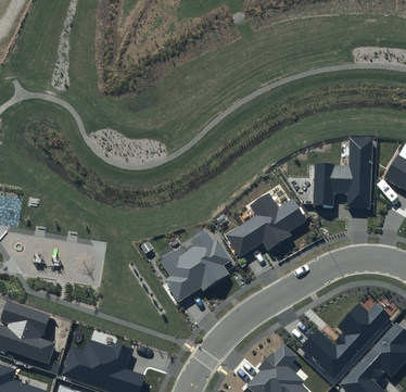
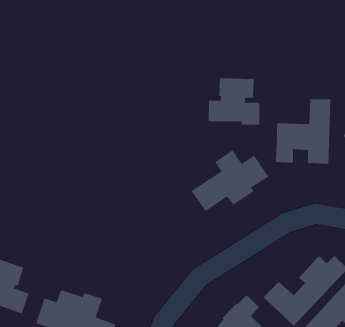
building: none -> [208,77,260,125]
building: [160,232,231,302] -> none

